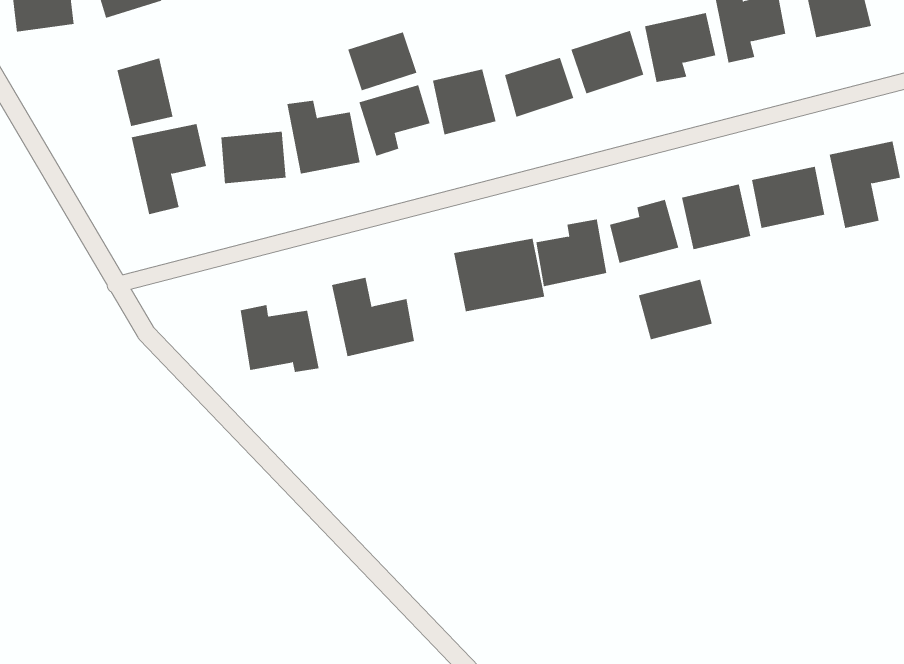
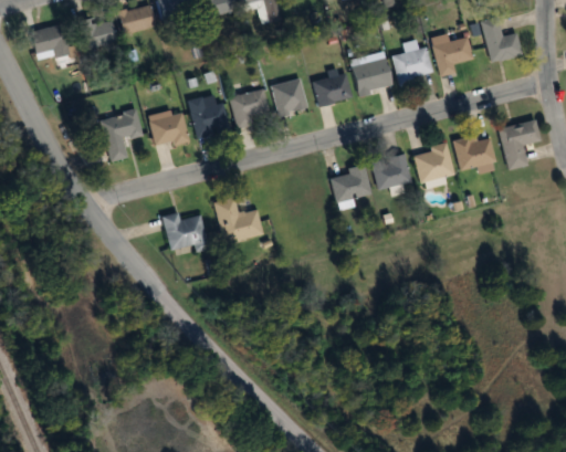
building: [348,31,417,91] -> none
building: [117,58,173,127] -> none
building: [454,238,545,312] -> none
building: [638,279,713,340] -> none

